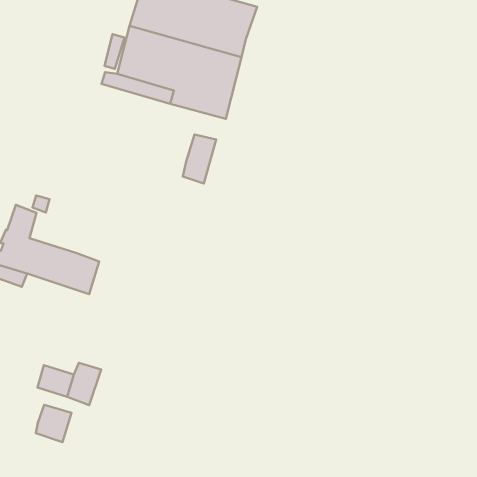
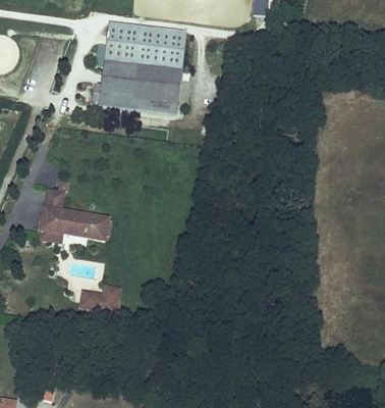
building: [183,134,216,184] -> none
building: [36,405,72,442] -> none

